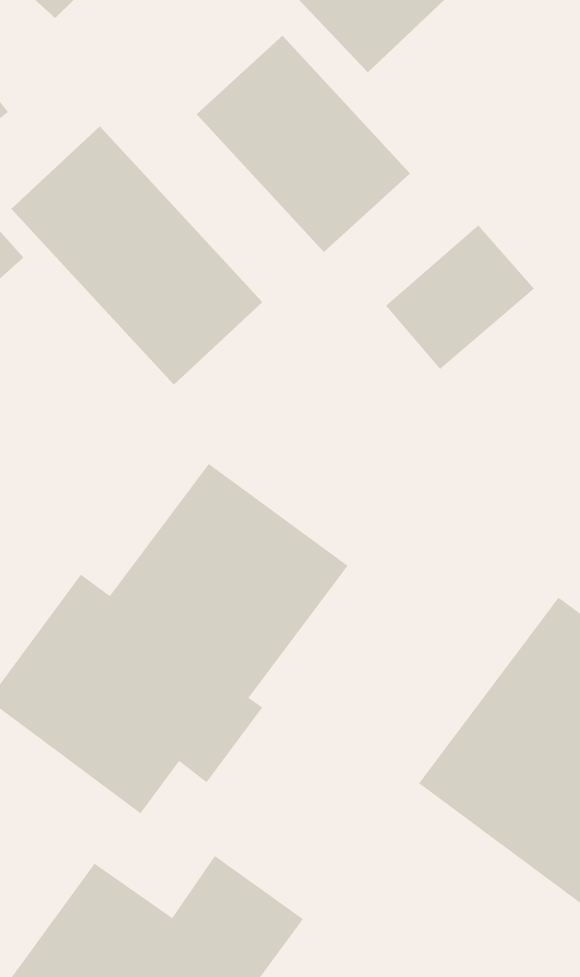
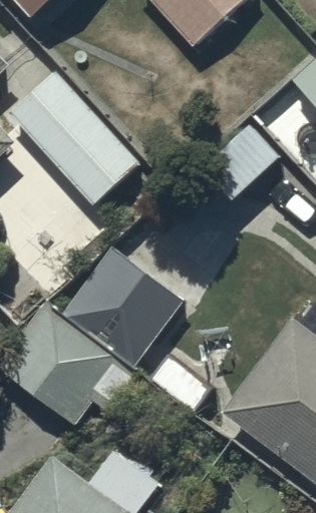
building: [196,35,411,253] -> none

